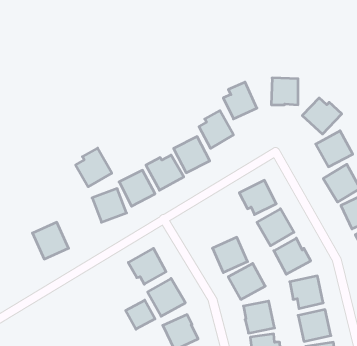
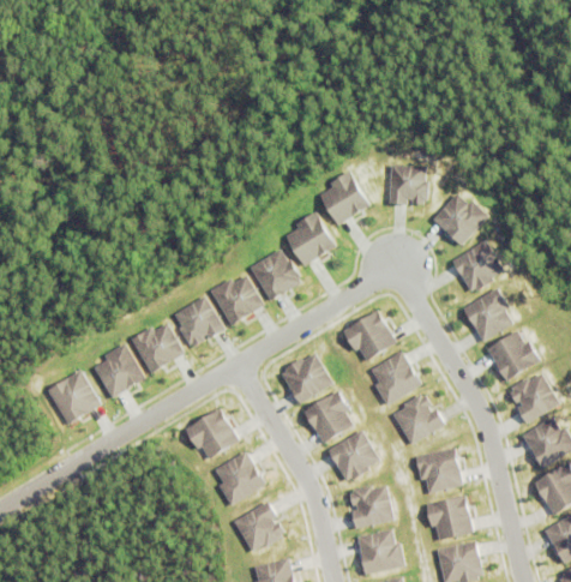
building: [76,148,112,187] -> [92,343,144,398]
building: none -> [280,352,332,404]
building: [126,300,155,329] -> none

